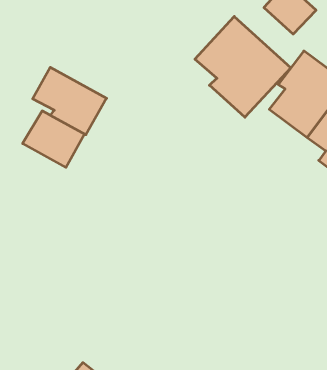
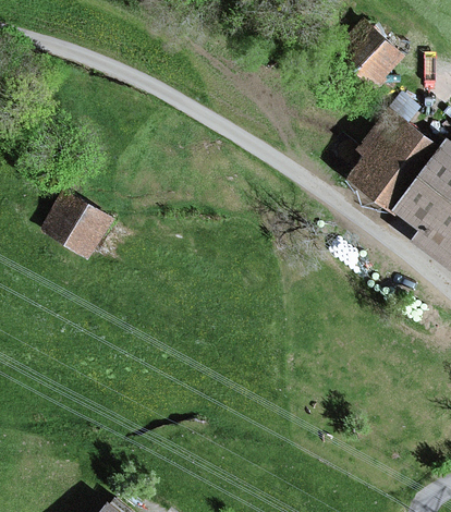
building: [195,16,291,117] -> none
building: [33,67,107,135] -> none

